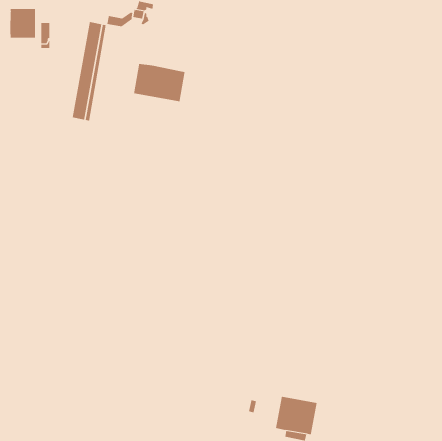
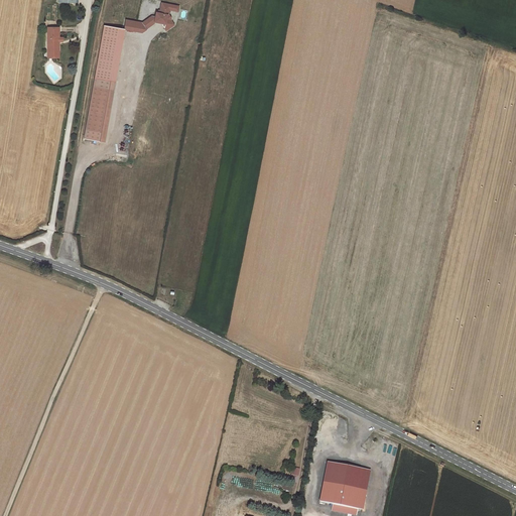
building: [10,8,35,38] -> none
building: [133,63,185,102] -> none

